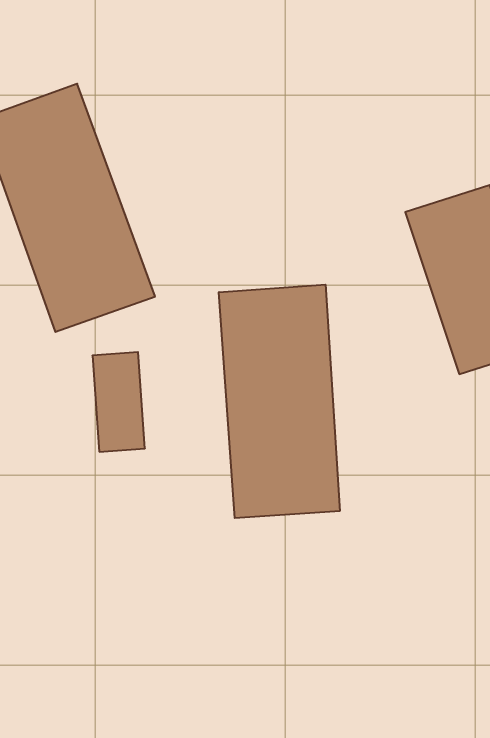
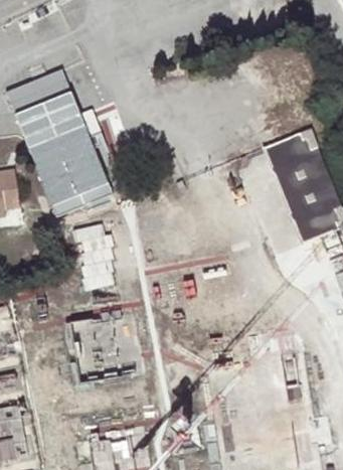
building: [219,285,340,518] -> none

